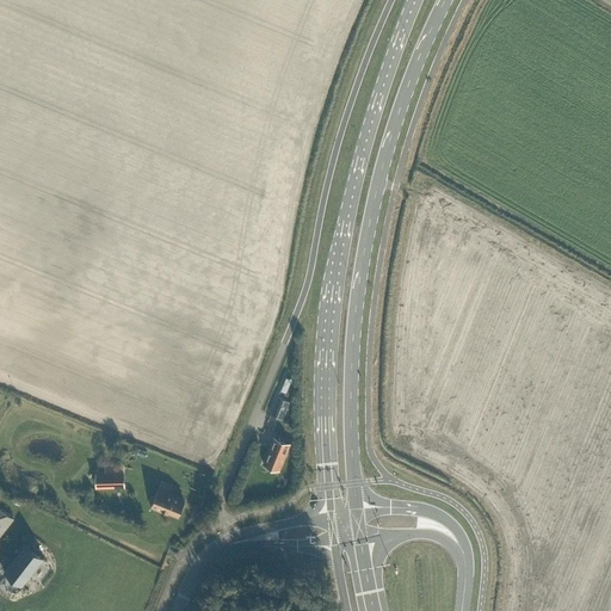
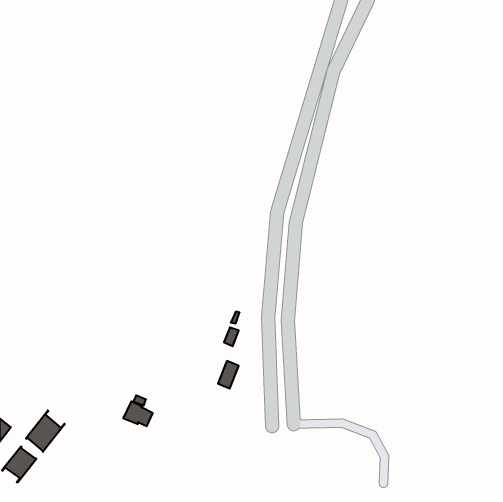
building: [95,465,124,490] -> none
building: none -> [26,410,65,452]

